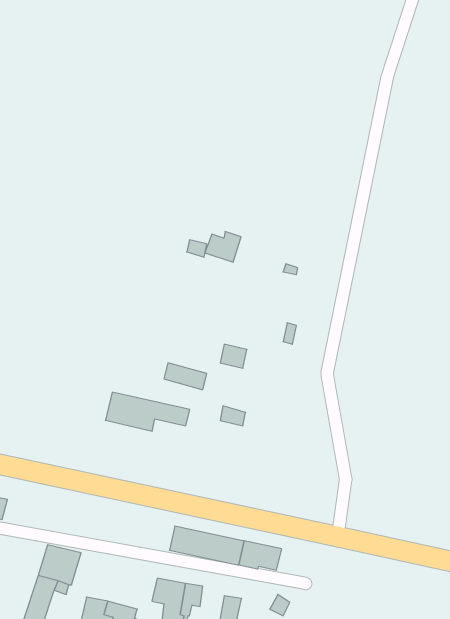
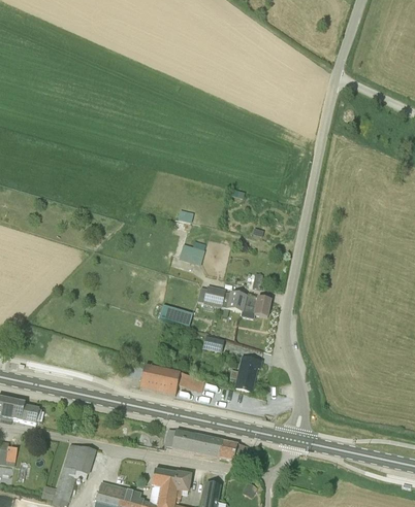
building: [205,232,241,262] -> [179,240,206,264]
building: none -> [227,292,270,318]
building: [105,392,190,431] -> [139,365,204,395]
building: none -> [230,357,260,391]

